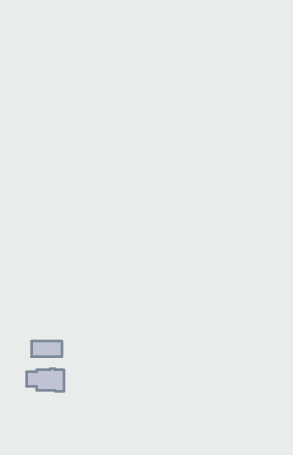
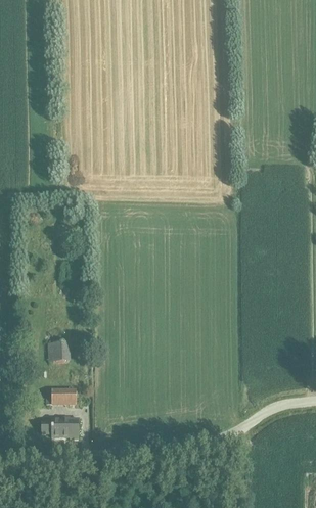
building: none -> [48,341,71,361]

